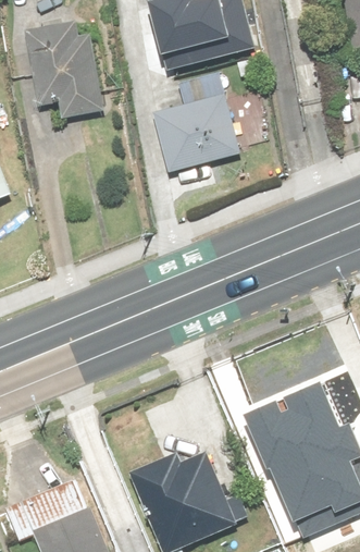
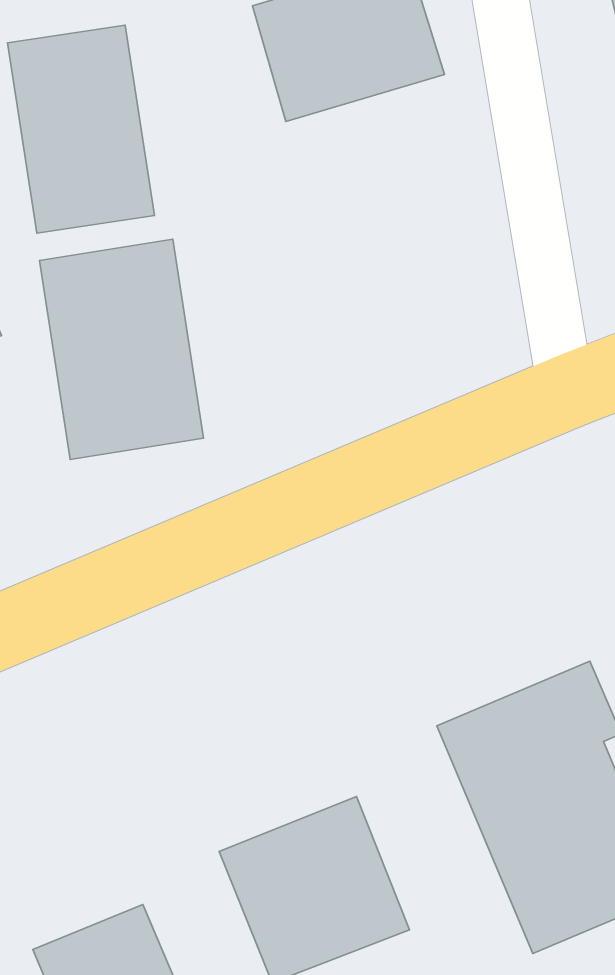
building: [148,86,259,179] -> none
building: none -> [40,239,204,459]

